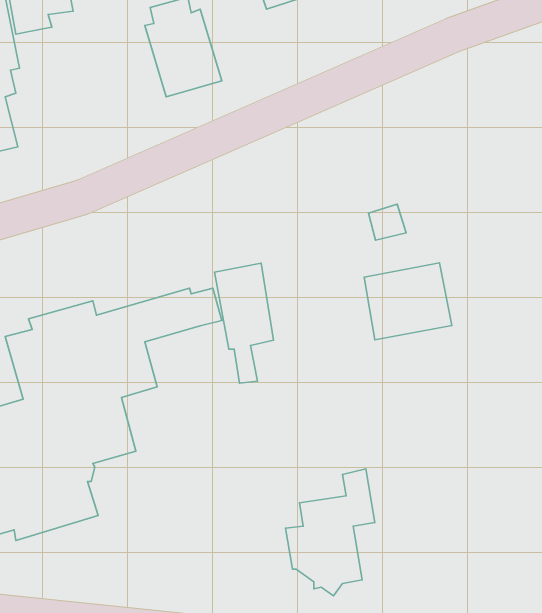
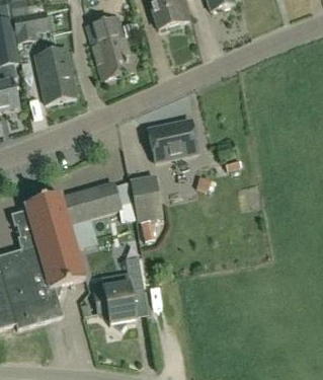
building: none -> [32,44,75,100]
building: [364,263,452,340] -> [150,119,199,162]
building: [285,469,375,596] -> [92,254,143,326]

